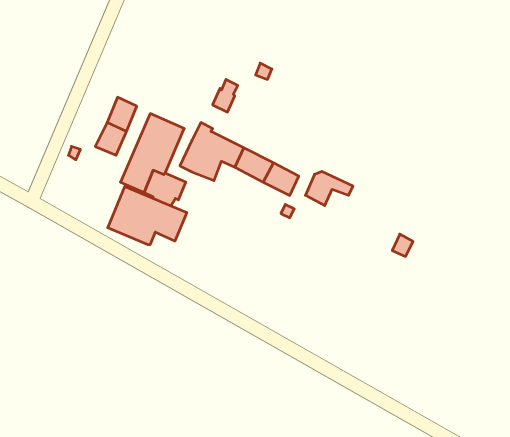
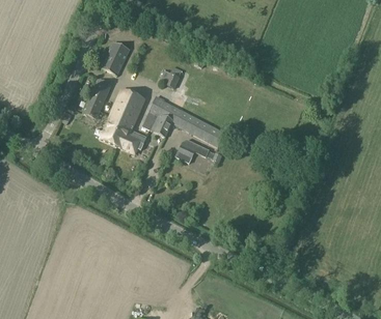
building: none -> [103,41,130,75]
building: [305,171,353,206] -> [179,138,212,162]
building: [108,187,187,245] -> none

